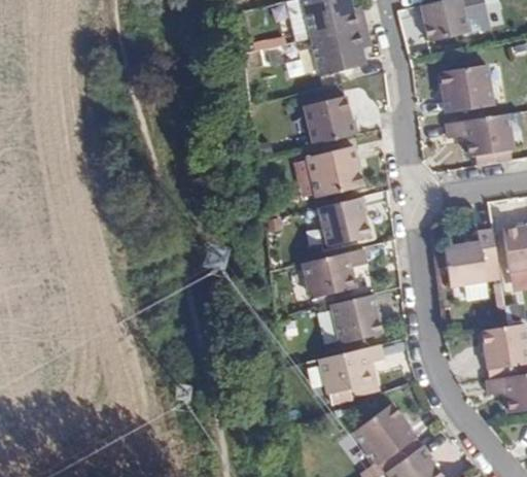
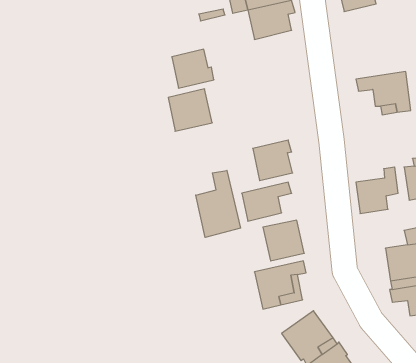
building: [437,63,491,112] -> none
building: [305,97,356,144] -> [172,49,214,88]
building: [308,145,361,197] -> [168,89,212,131]
building: none -> [196,170,241,237]

